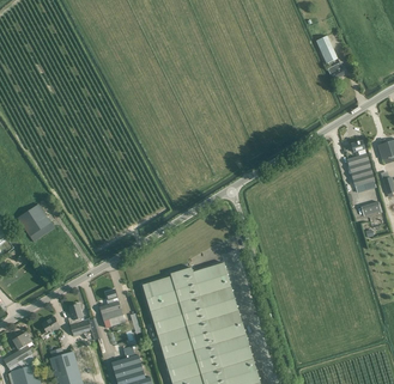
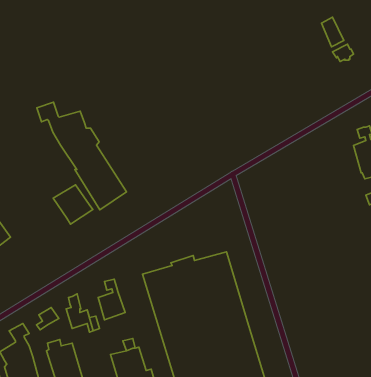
building: none -> [37,102,127,210]
building: [16,203,54,242] -> [53,185,93,224]

